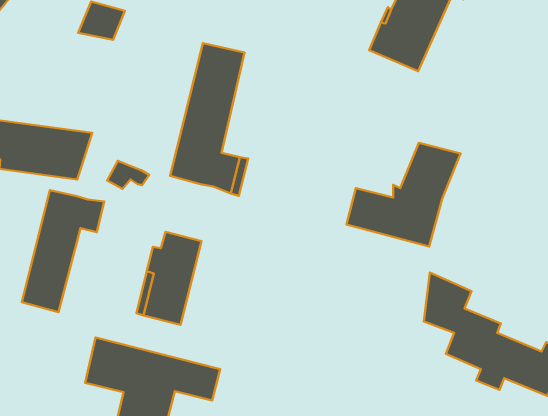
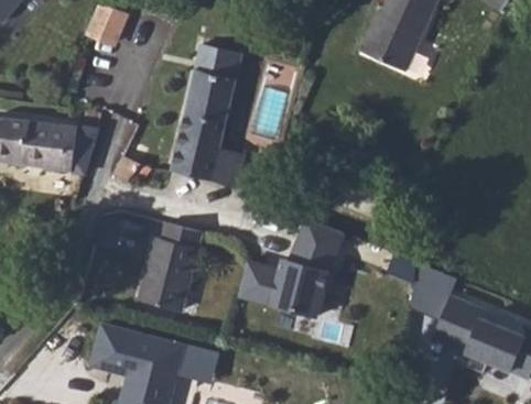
building: [347,143,461,246] -> [238,218,346,316]
building: [22,190,104,312] -> none

